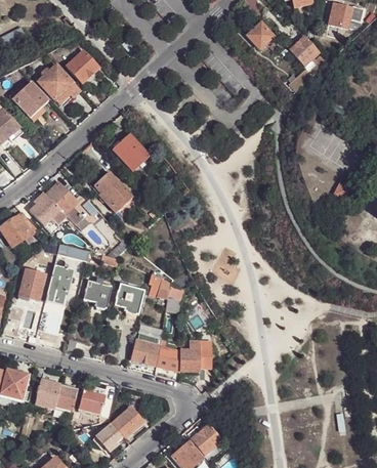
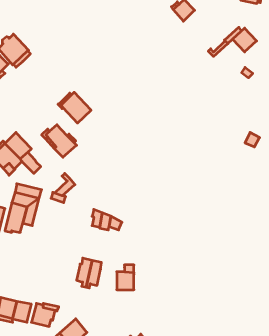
building: [290,35,319,63] -> [233,28,257,52]
building: [66,50,98,82] -> none
building: [83,280,111,307] -> none
building: [114,283,145,314] -> none
building: [156,345,177,370] -> none

